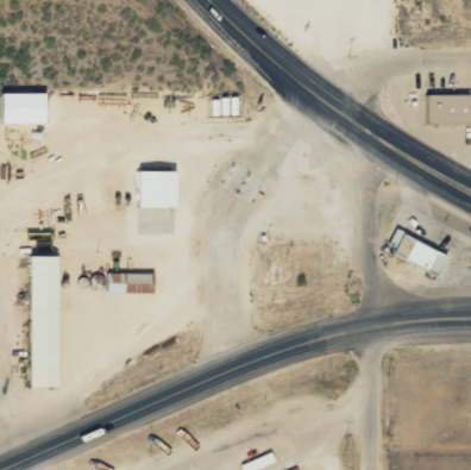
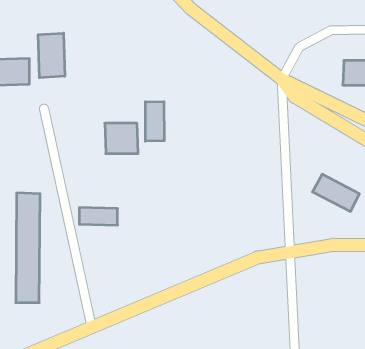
building: none -> [38,33,65,78]
building: none -> [145,102,164,141]

